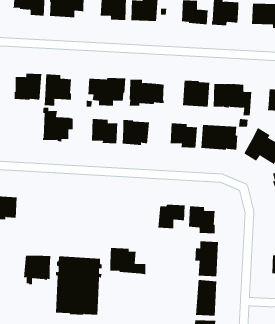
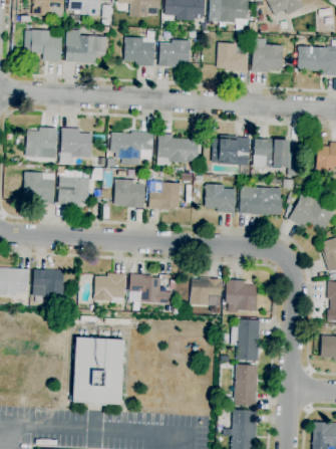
building: none -> [23,172,54,204]
building: none -> [93,273,125,303]
building: [109,248,146,275] -> [129,273,172,304]
building: [23,255,51,285] -> [32,269,64,303]

